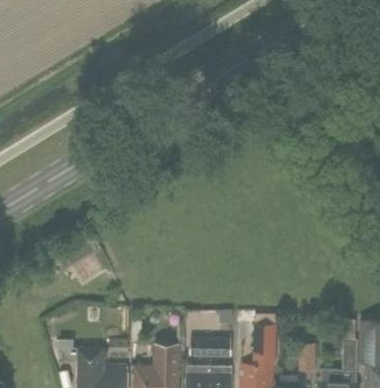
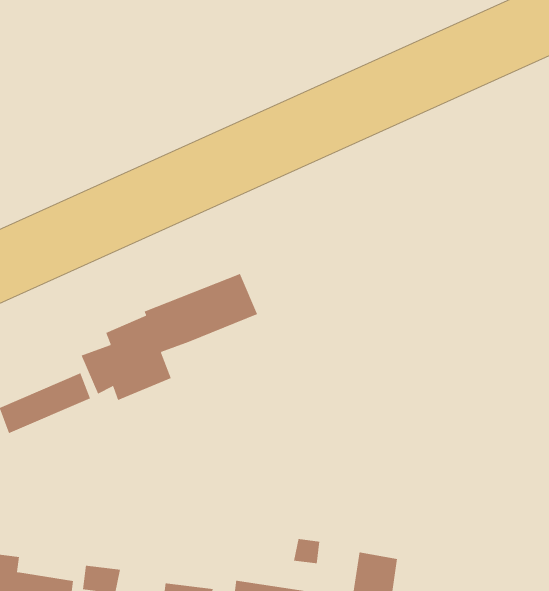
building: none -> [81,273,258,401]

